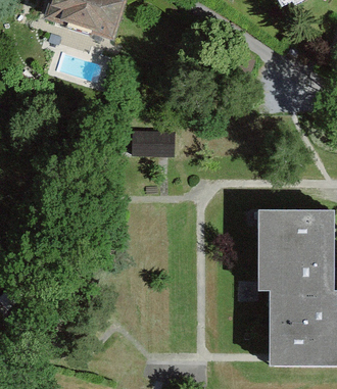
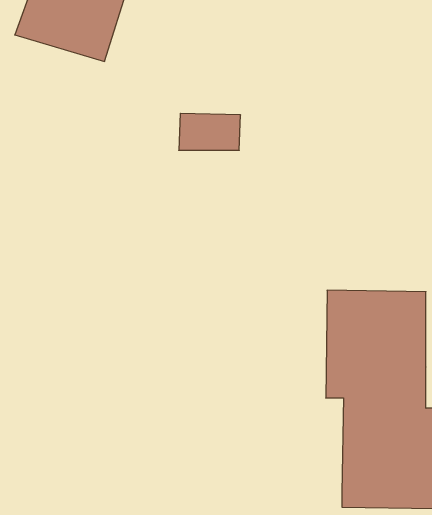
building: [134,128,177,153] -> [179,113,241,150]

